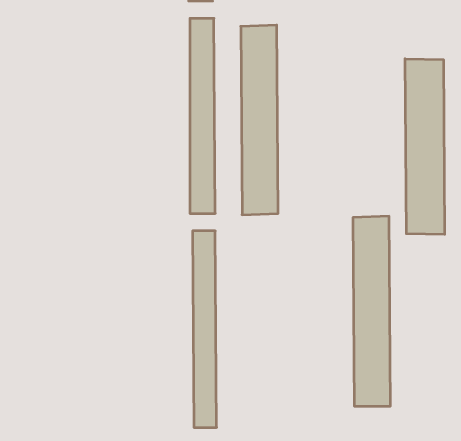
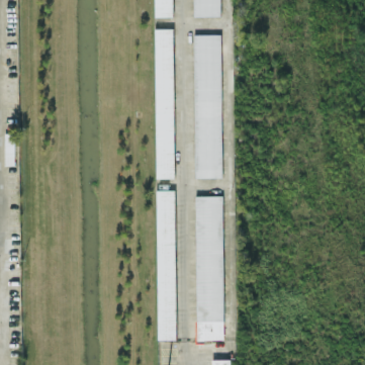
building: [405,59,445,234] -> none
building: [353,216,390,406] -> [195,196,223,340]

